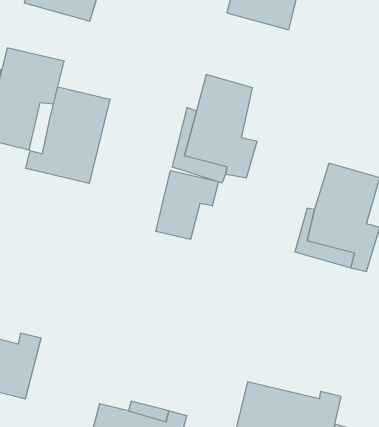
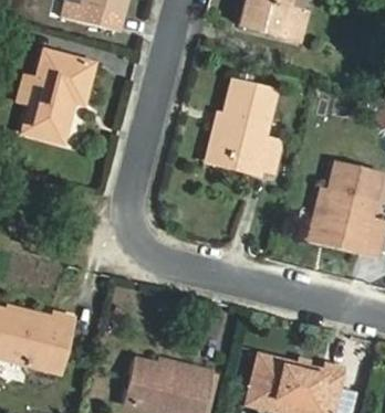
building: [26,87,110,184] -> none
building: [156,171,219,239] -> none

